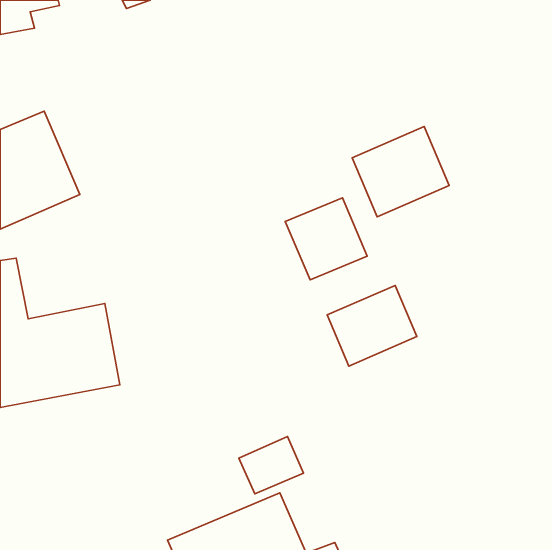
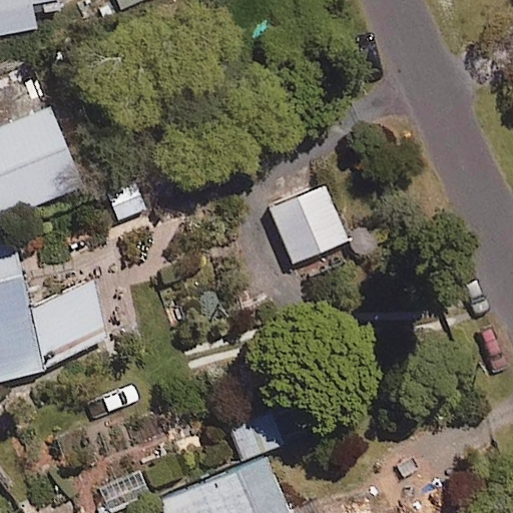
building: [352,127,449,217] -> none
building: [327,285,417,366] -> none

